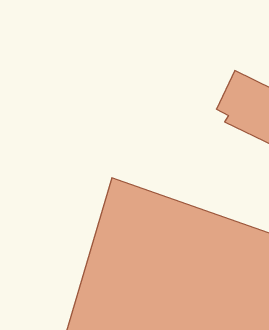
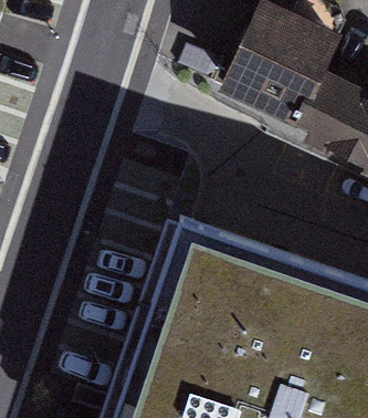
building: none -> [223,17,337,135]

